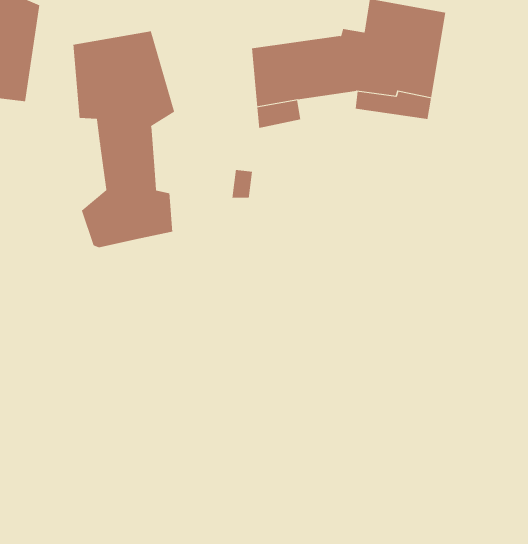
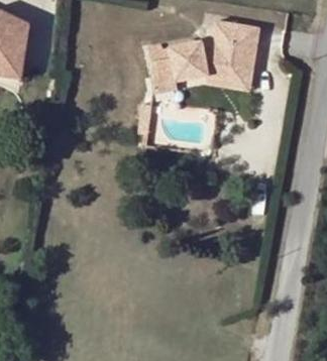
building: [73,30,175,248] -> none

